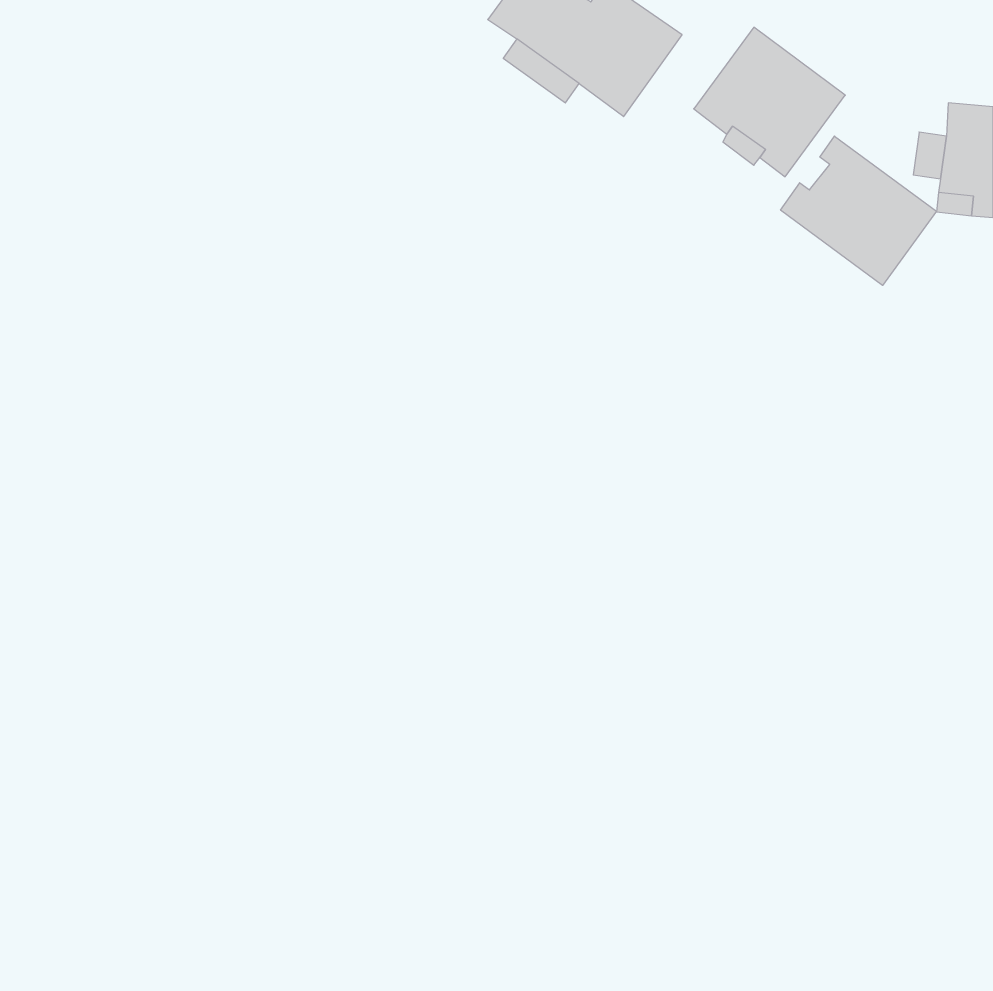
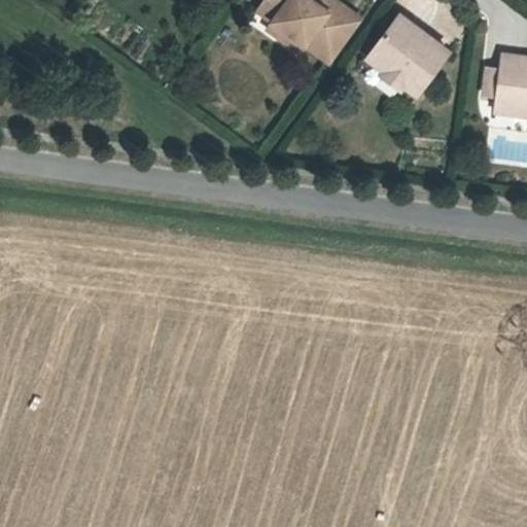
building: [781,136,936,285] -> none

